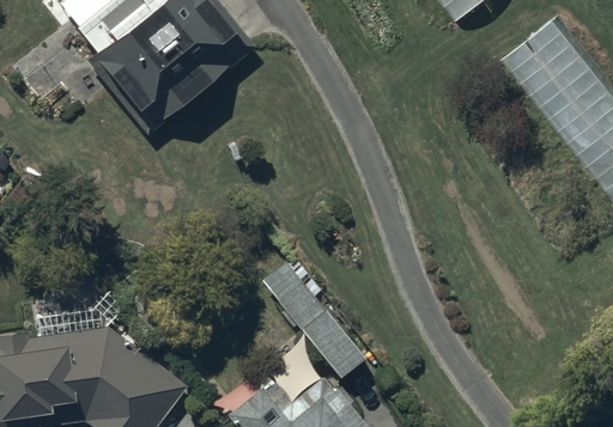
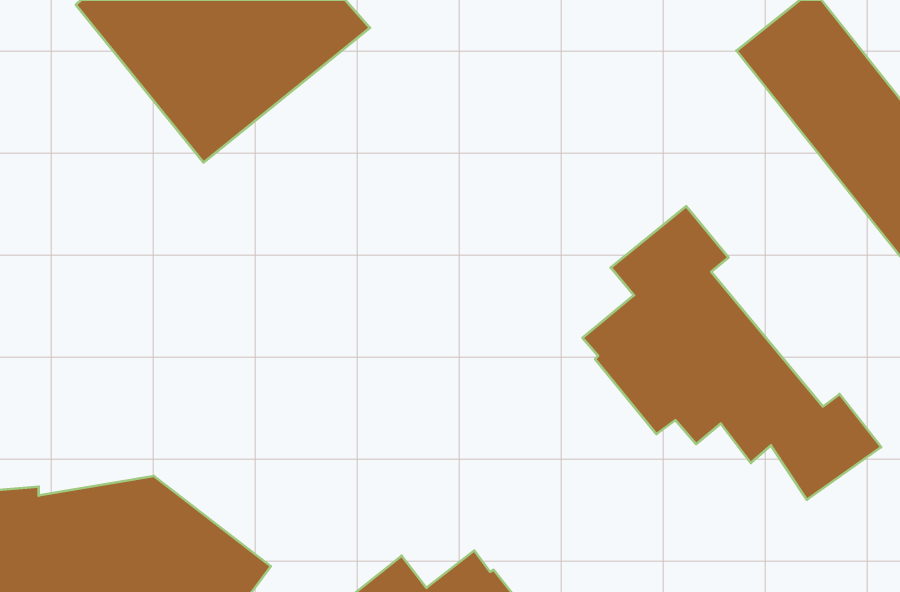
building: none -> [583,206,881,500]
building: [259,257,363,376] -> none

